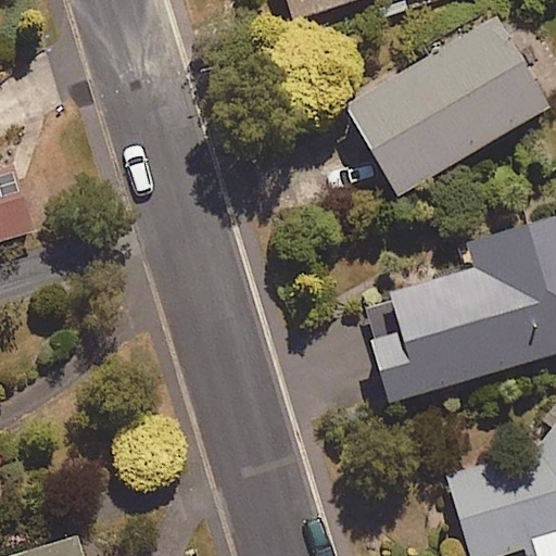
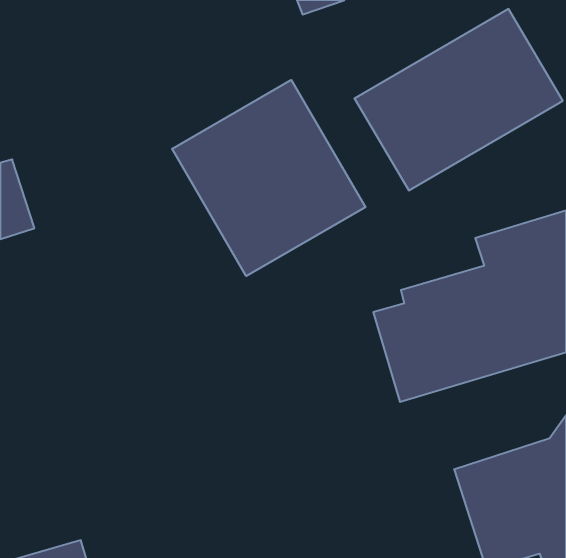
building: none -> [172,80,365,276]

